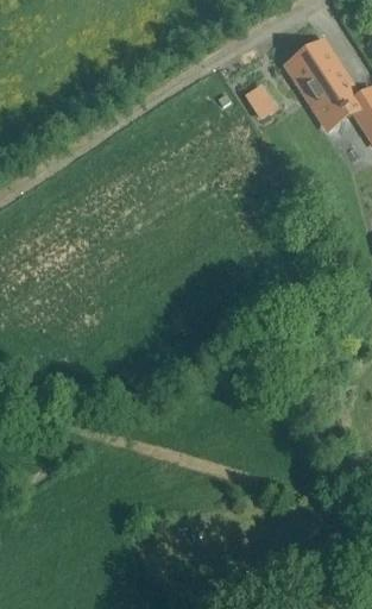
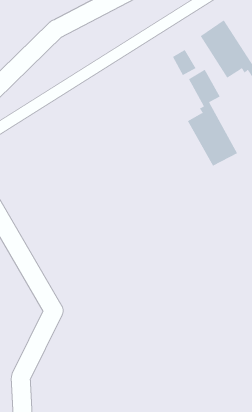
building: none -> [187,69,238,167]

